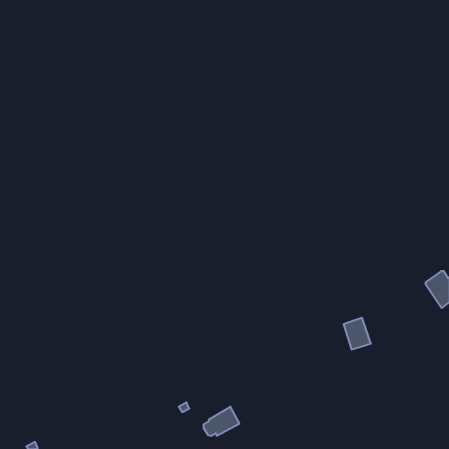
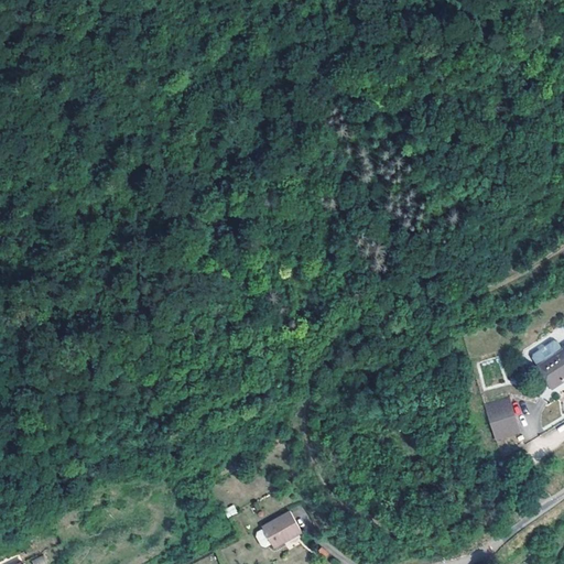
building: [344,318,371,350] -> [486,406,520,446]

